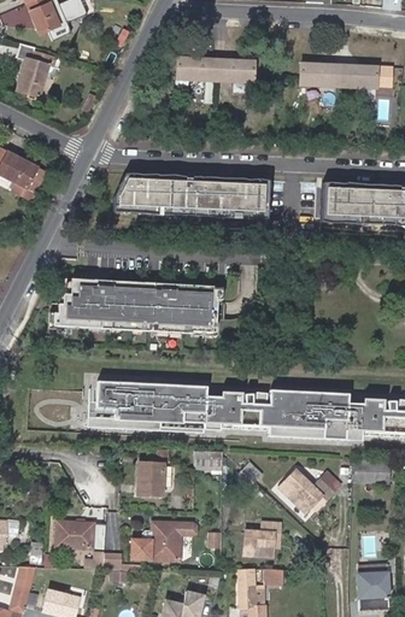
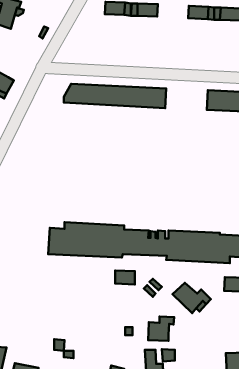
building: [53,277,222,331] -> none
building: [137,463,164,495] -> none
building: [57,518,94,546] -> none
building: [130,522,192,560] -> none

